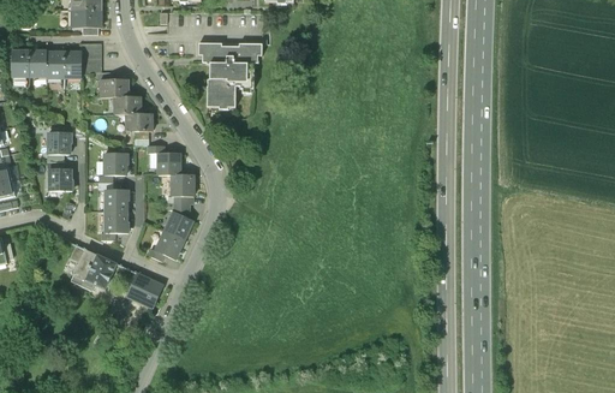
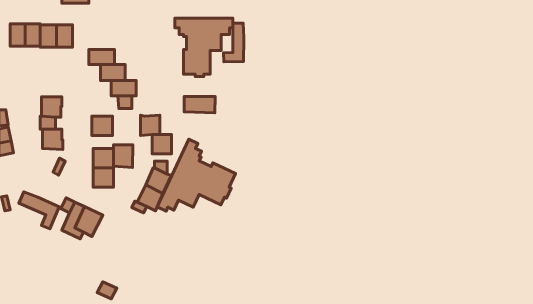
building: [83,43,101,72] -> none
building: none -> [224,23,244,62]
building: none -> [184,97,215,113]
building: none -> [157,139,236,211]
building: none -> [113,145,133,167]
building: none -> [19,192,59,229]
building: [126,273,163,308] -> none

